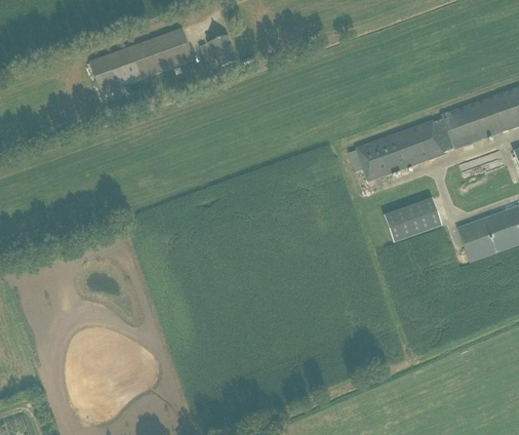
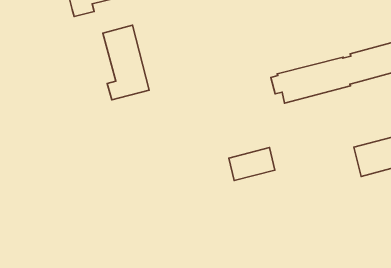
building: none -> [103,25,149,100]
building: [385,197,442,241] -> [229,148,275,181]

